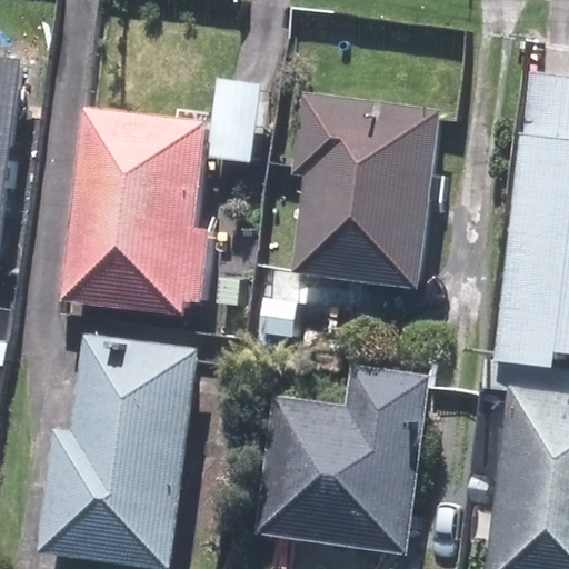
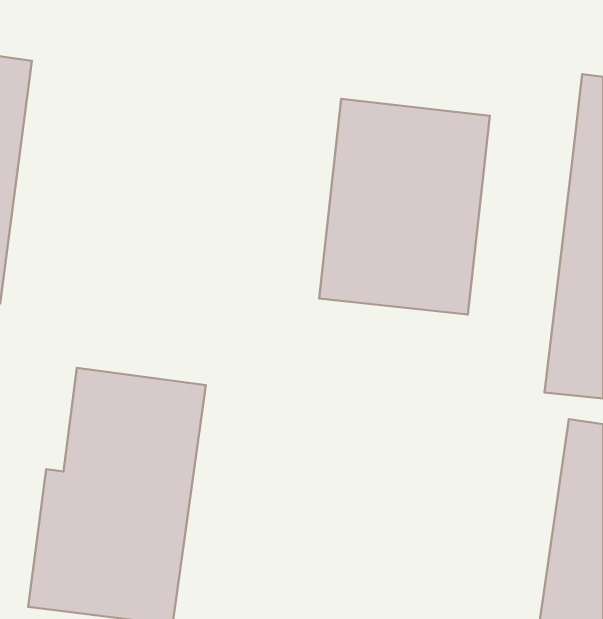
building: [76,106,212,311] -> none
building: [267,367,436,553] -> none

